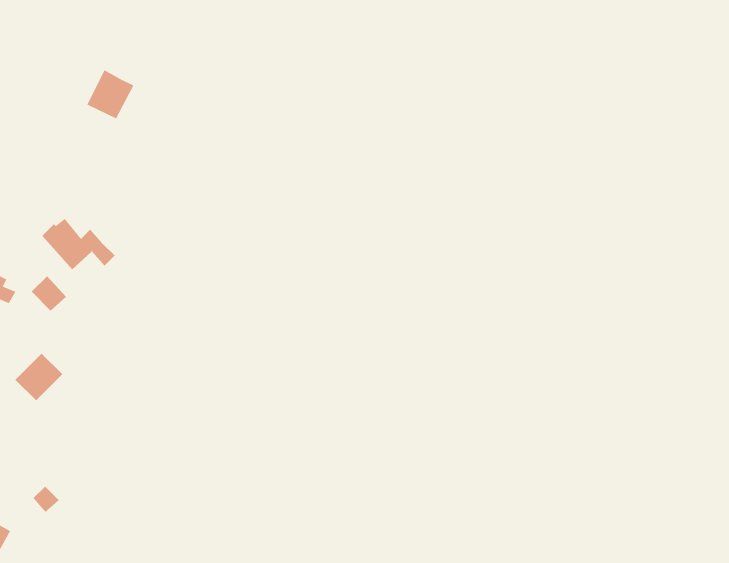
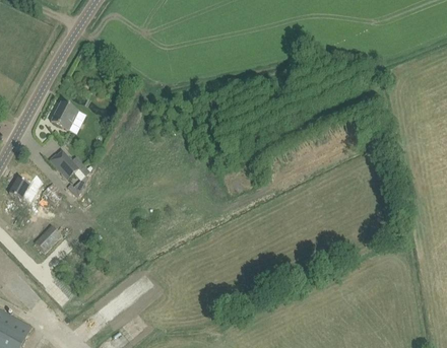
building: [86,69,135,119] -> [50,100,77,129]

